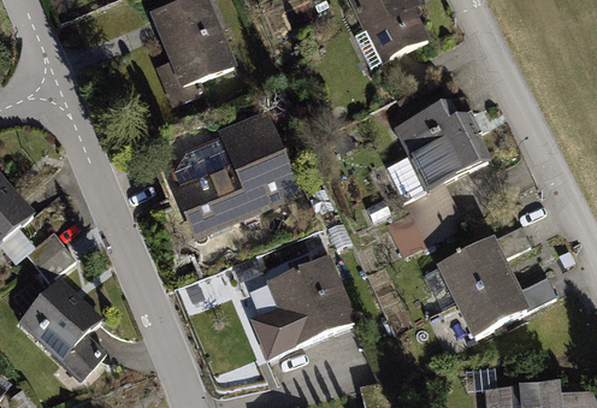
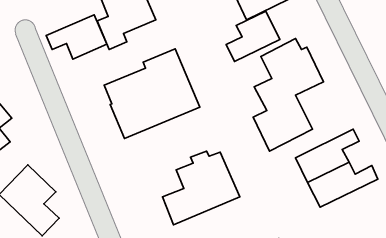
building: none -> [226,11,280,62]
building: none -> [46,15,107,59]
building: [25,231,72,279] -> none

